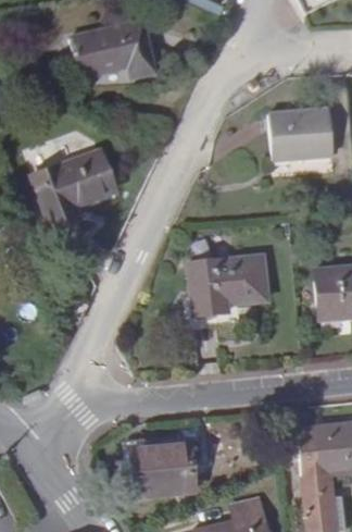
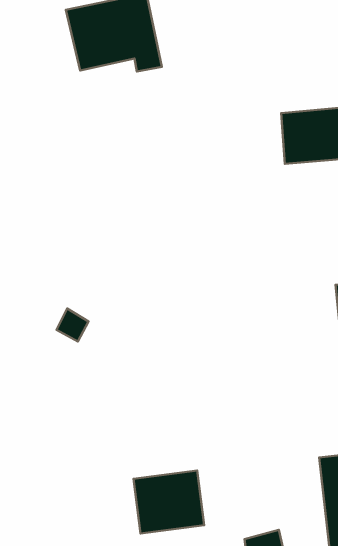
building: [37,151,118,227] -> none
building: [186,258,266,318] -> none

